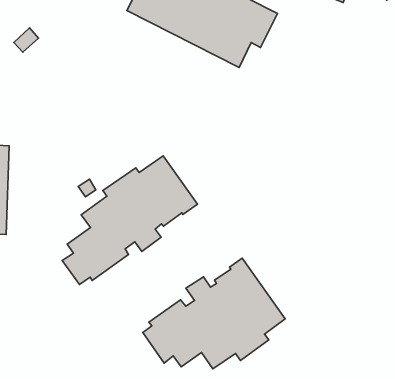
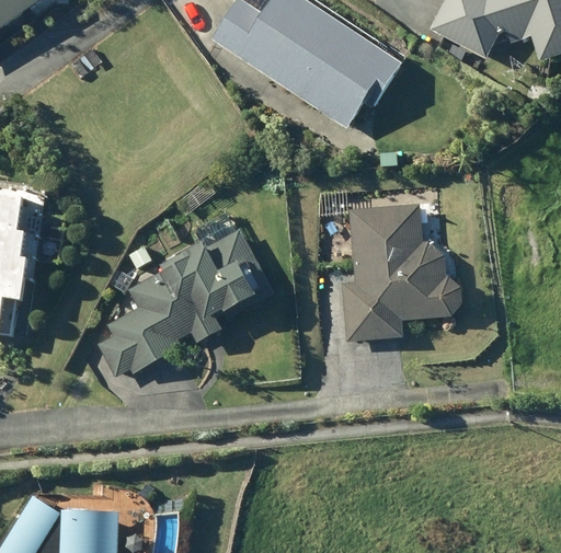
building: none -> [340,204,461,341]
building: [143,258,285,369] -> none

